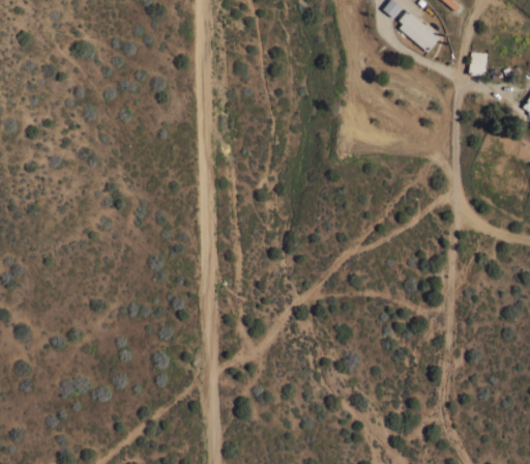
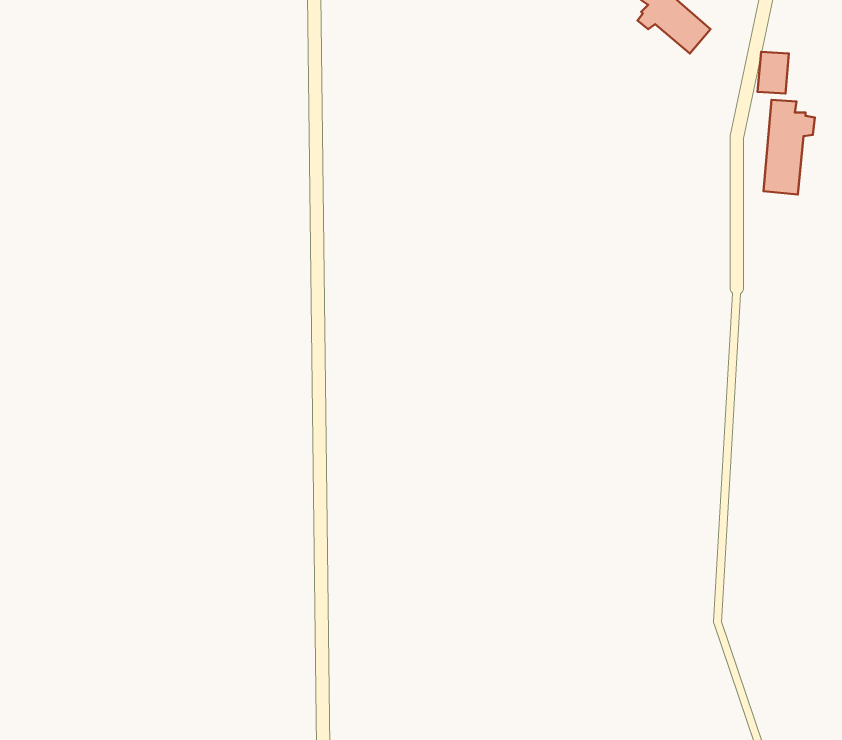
building: none -> [764,100,815,194]

